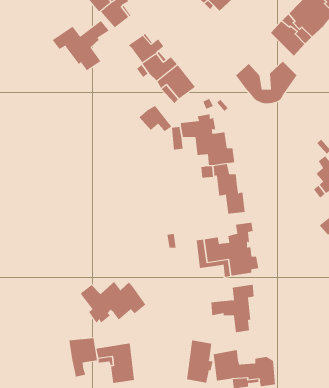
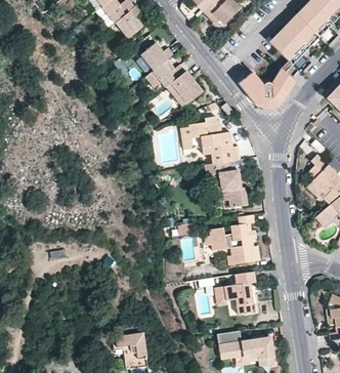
building: [52,20,109,71] -> none
building: [139,105,172,132] -> none
building: [80,281,146,324] -> none
building: [69,338,97,377] -> none
building: [187,340,213,383] -> none

